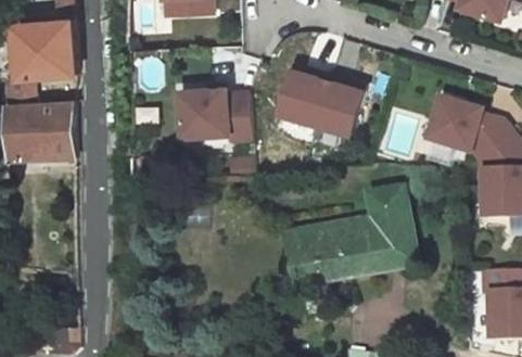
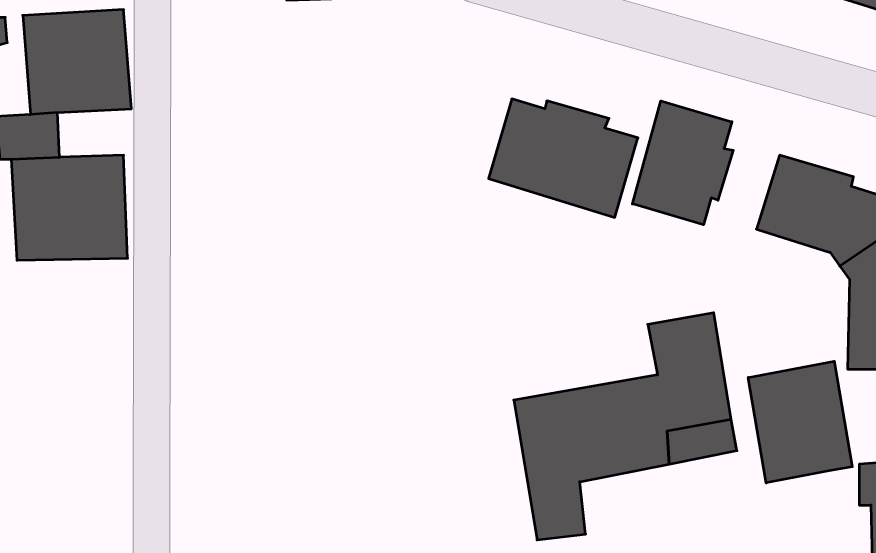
building: none -> [632,101,733,225]
building: [180,86,249,138] -> none
building: none -> [748,361,852,483]

